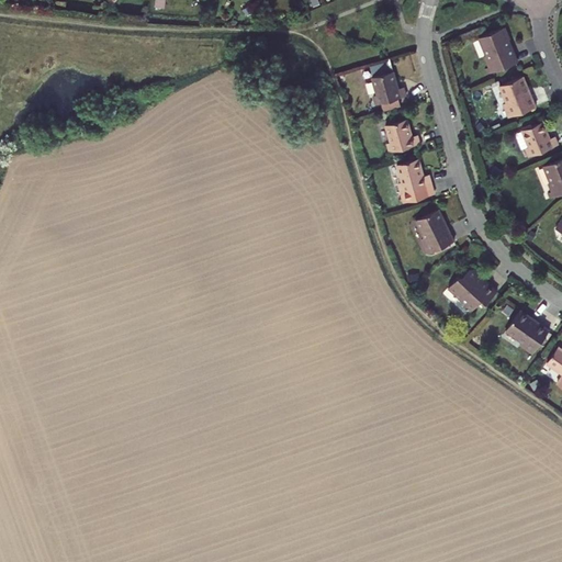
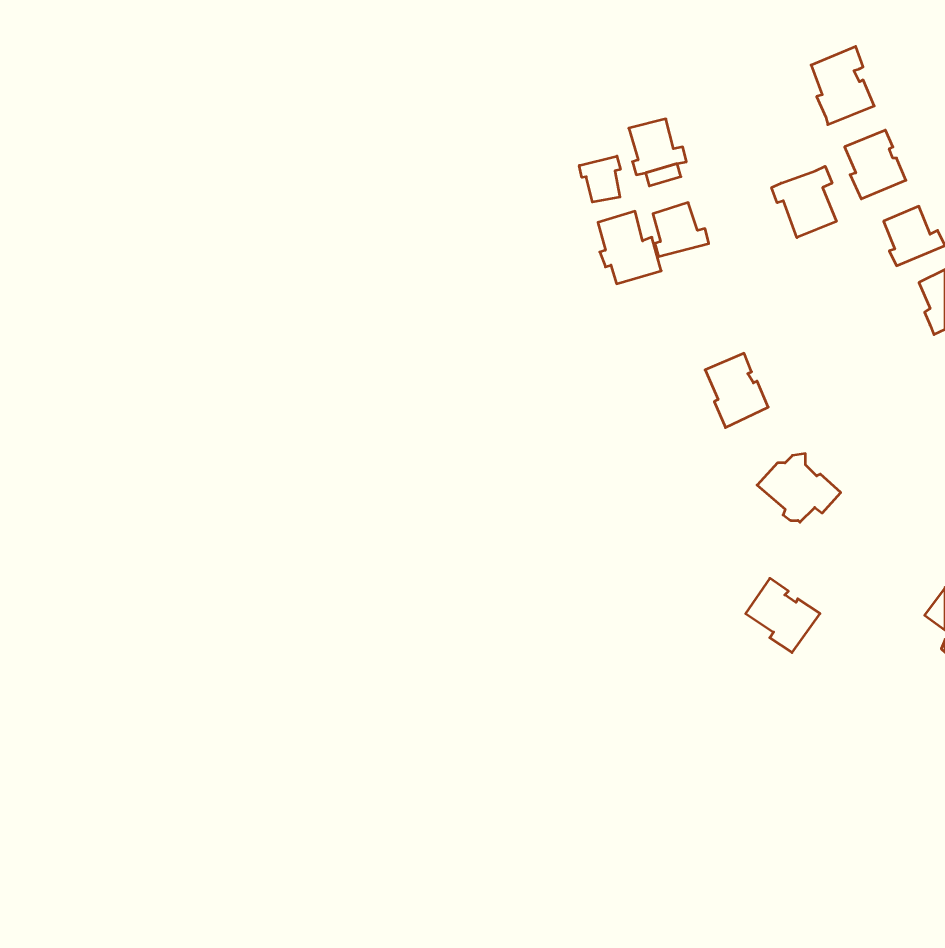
building: none -> [579,156,620,202]
building: none -> [772,166,836,238]
building: [396,159,434,202] -> [598,211,661,284]
building: [504,311,548,355] -> [746,578,820,653]

